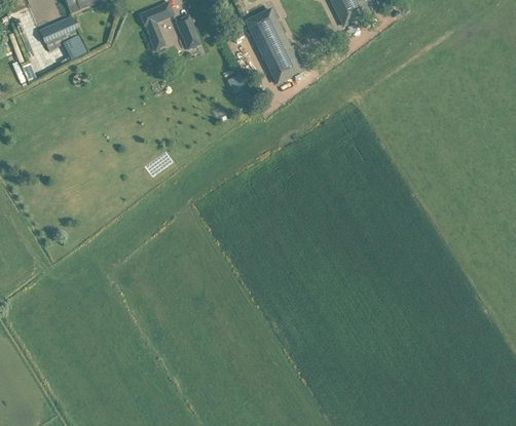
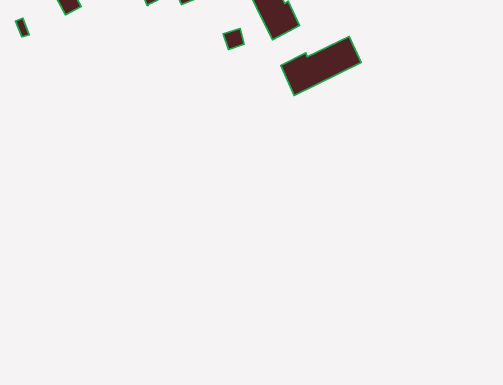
building: none -> [281,36,361,96]

